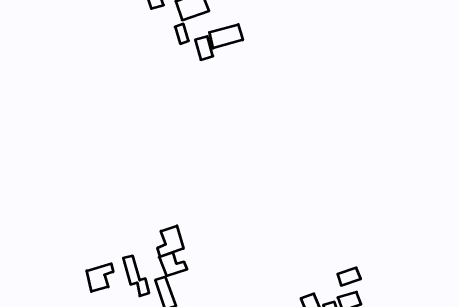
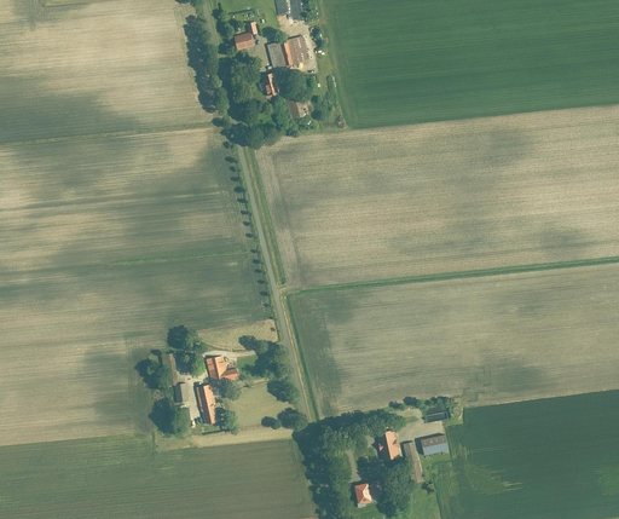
building: [209,24,243,48] -> none
building: [158,226,183,257] -> none
building: [87,264,113,292] -> none

